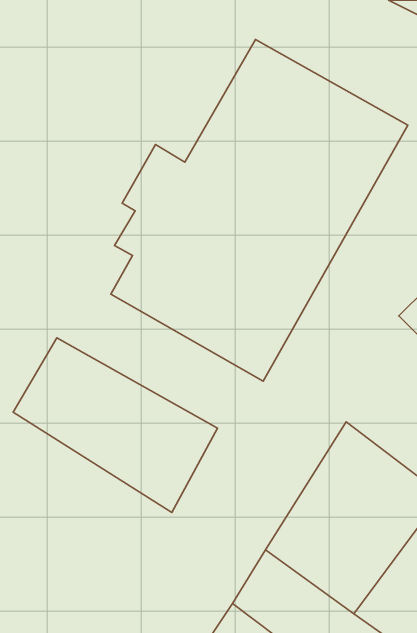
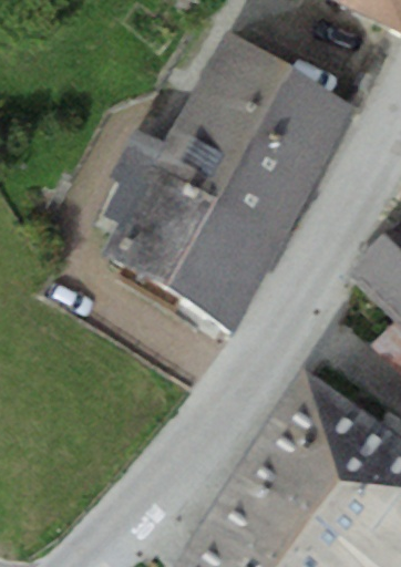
building: [13,338,217,512] -> none

